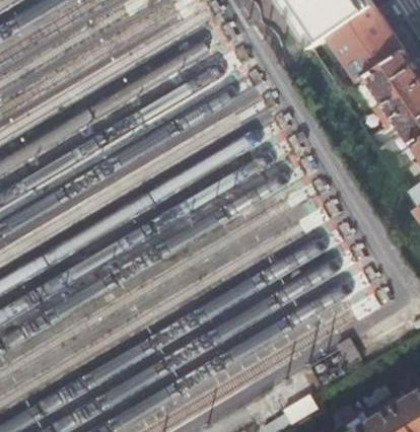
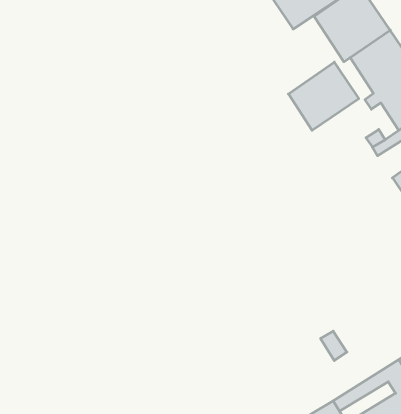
building: none -> [288,62,359,130]

